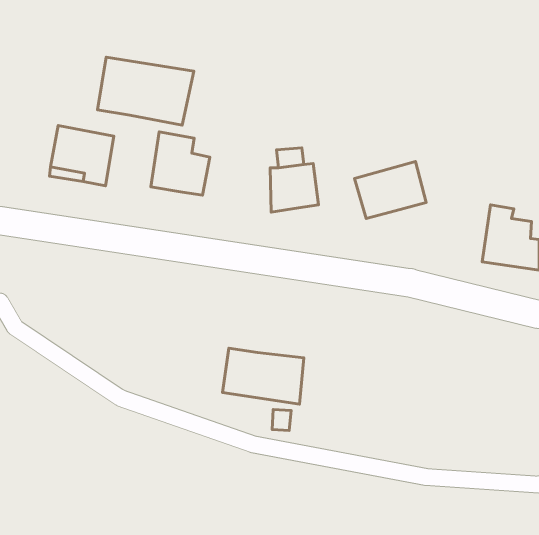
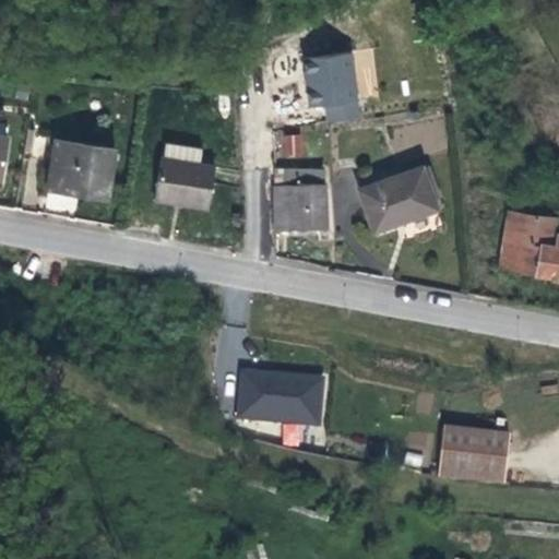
building: none -> [302,53,373,128]
building: [97,57,194,125] -> none
building: none -> [433,427,503,484]

